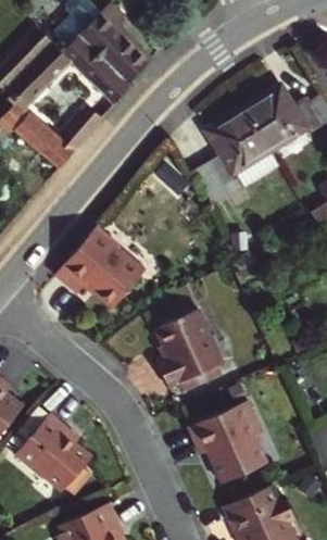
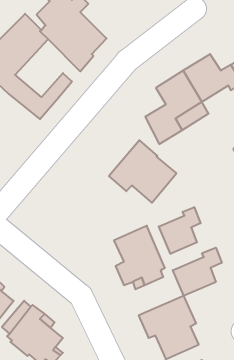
building: [55,227,144,310] -> [109,140,176,203]
building: none -> [159,207,201,254]
building: none -> [173,248,222,296]

